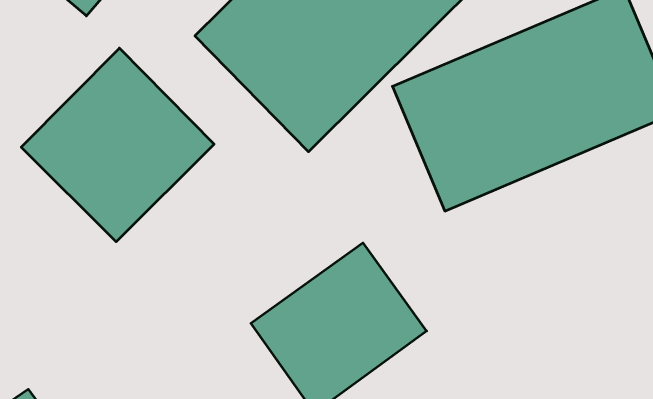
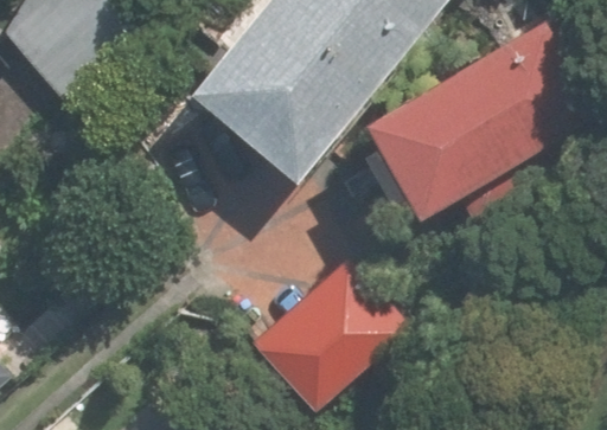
building: [21,48,214,242] -> none

